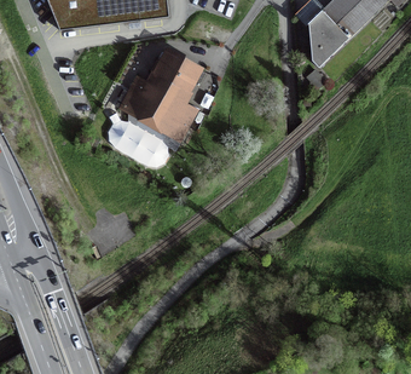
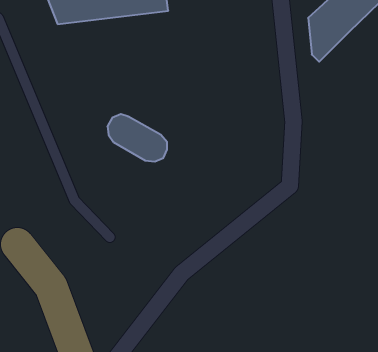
building: [120,50,198,140] -> none

